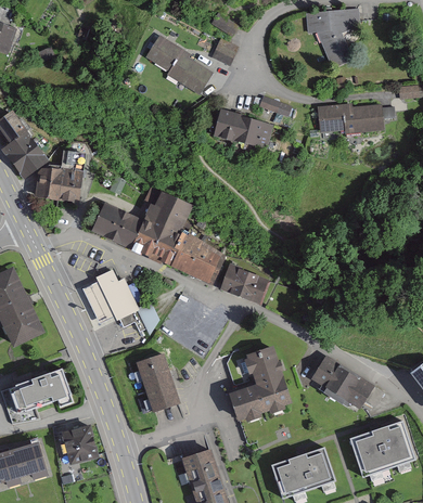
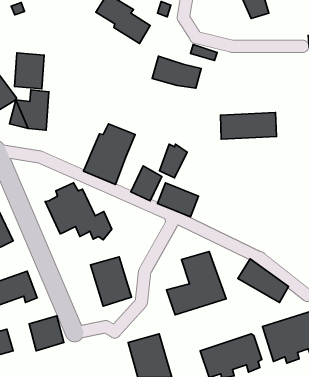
building: [320,104,388,137] -> [220,112,277,139]
building: none -> [14,53,44,89]
building: [93,199,141,249] -> none
building: [167,233,201,274] -> [159,144,187,178]

